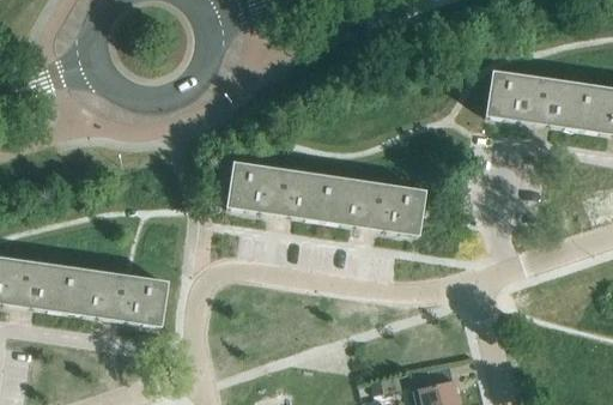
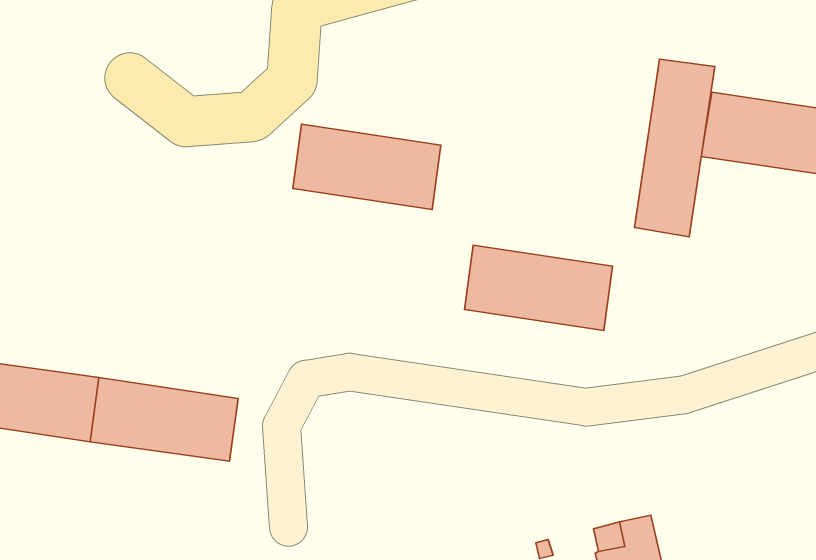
building: none -> [635,59,715,237]
building: [227,162,329,220] -> [293,124,441,210]

